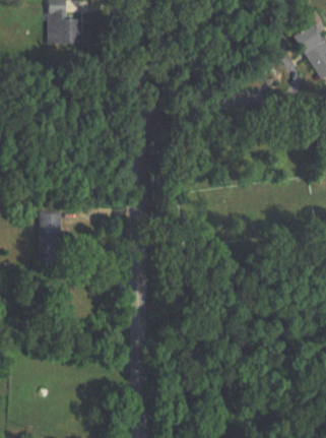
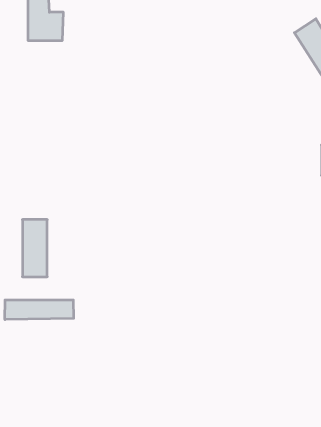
building: none -> [5,300,74,320]

